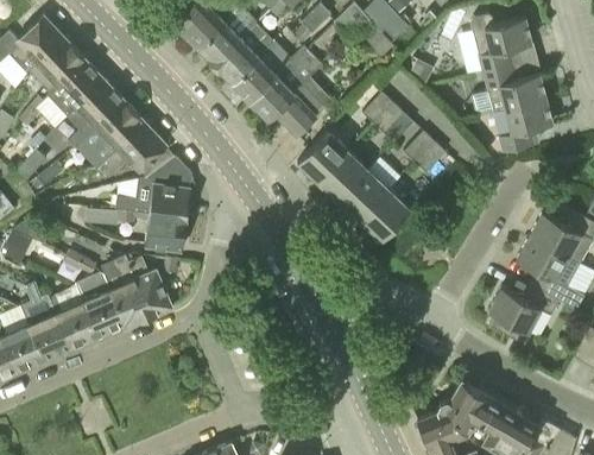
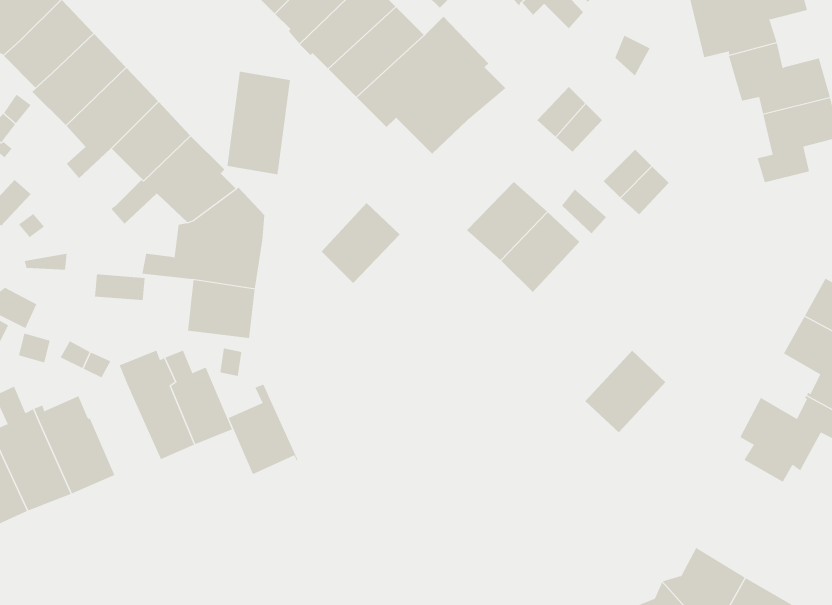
building: none -> [227,71,290,175]
building: [298,131,348,182] -> [321,202,401,284]
building: [360,189,411,241] -> [585,350,666,433]
building: [83,278,127,335] -> [228,384,298,475]

